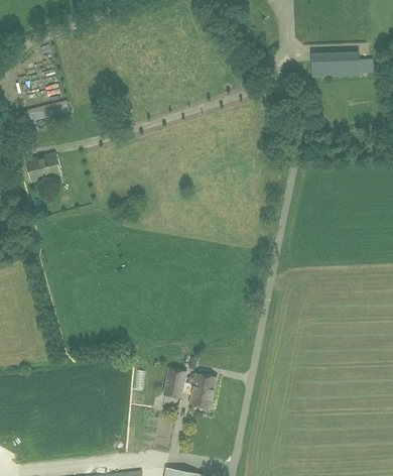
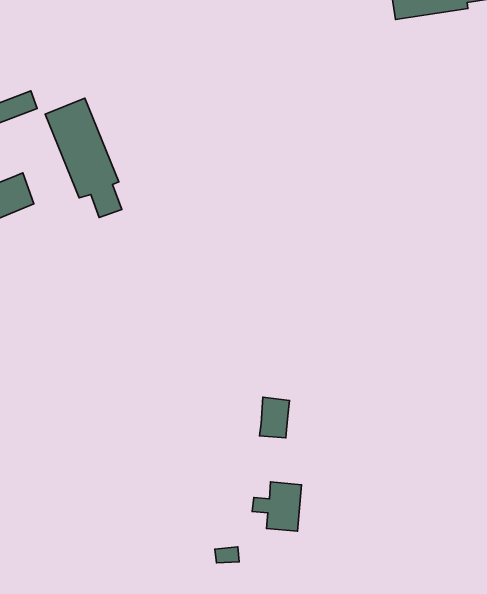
building: none -> [45,98,122,218]
building: [163,369,185,397] -> [259,397,289,438]

